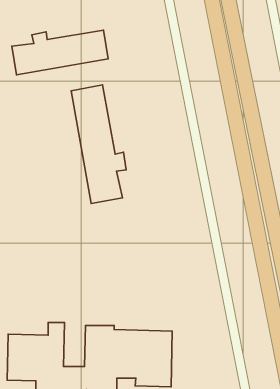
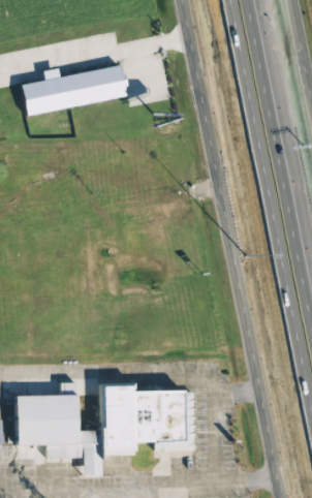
building: [71,85,126,204] -> none

